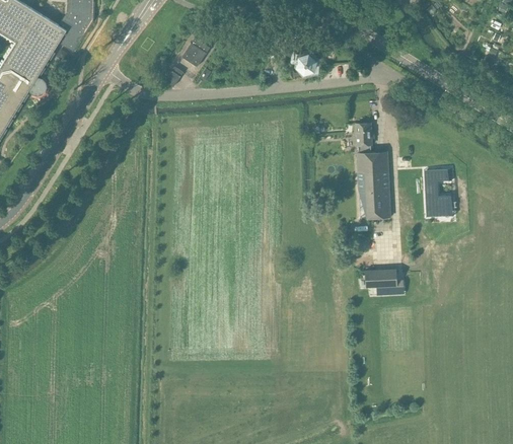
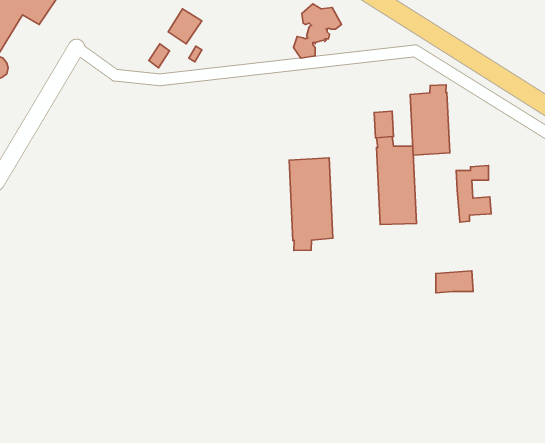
building: none -> [410,85,450,155]
building: none -> [289,158,333,250]
building: [364,269,395,287] -> [436,271,473,293]

